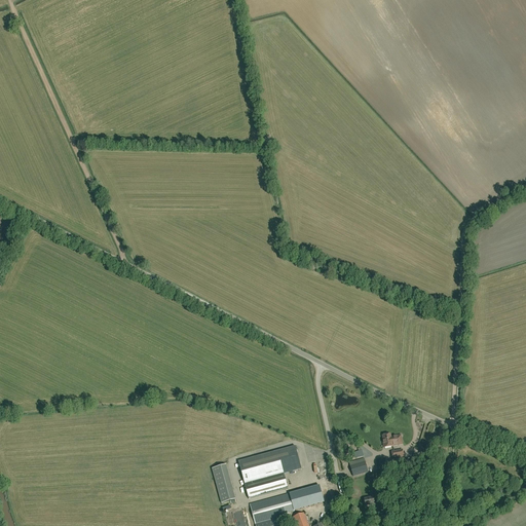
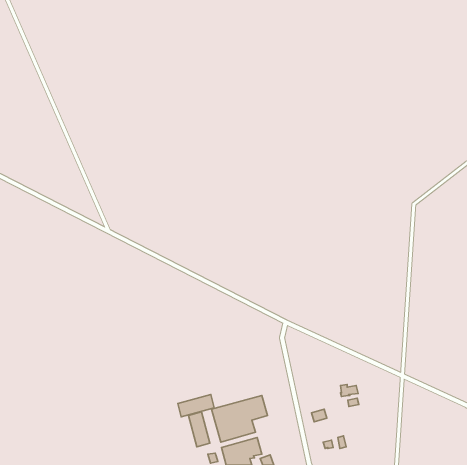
building: none -> [178,395,214,417]
building: [298,483,323,505] -> none

